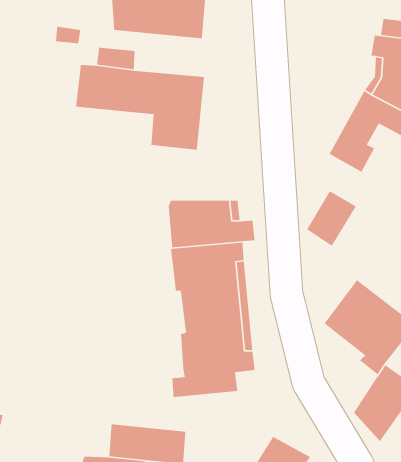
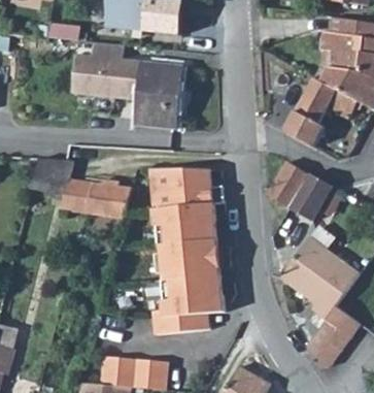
building: none -> [31,159,131,219]
building: none -> [287,173,331,221]

